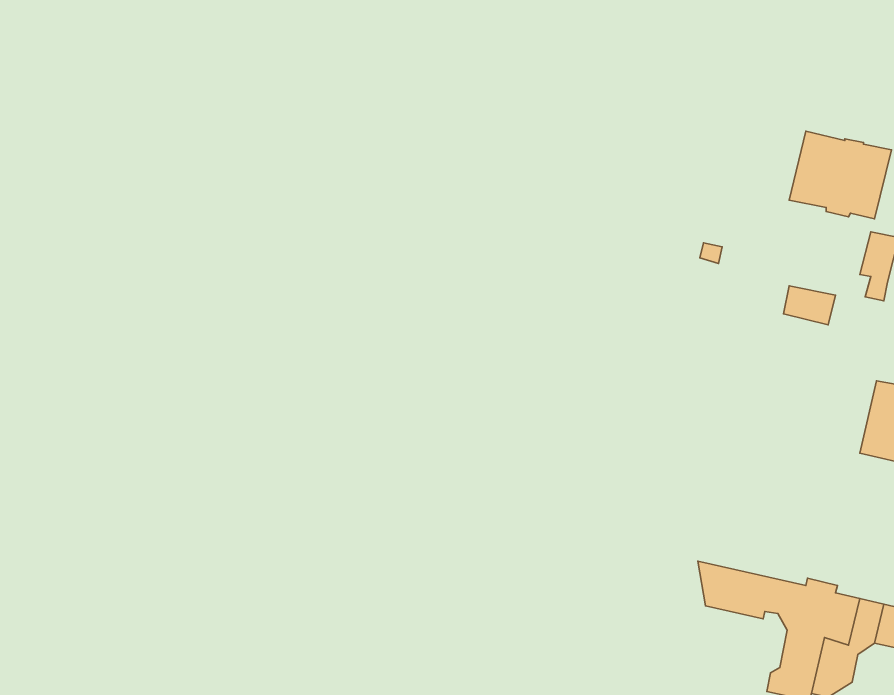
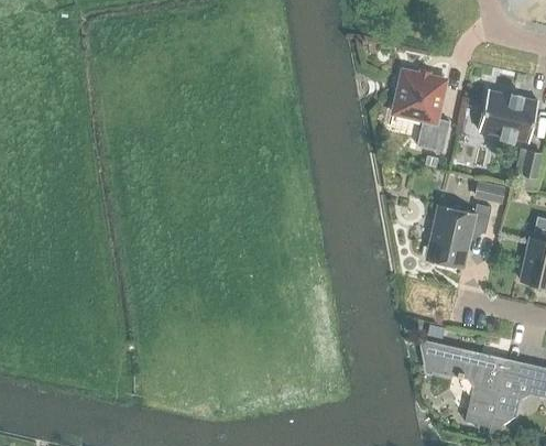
building: none -> [393,69,449,151]
building: none -> [426,203,491,266]

